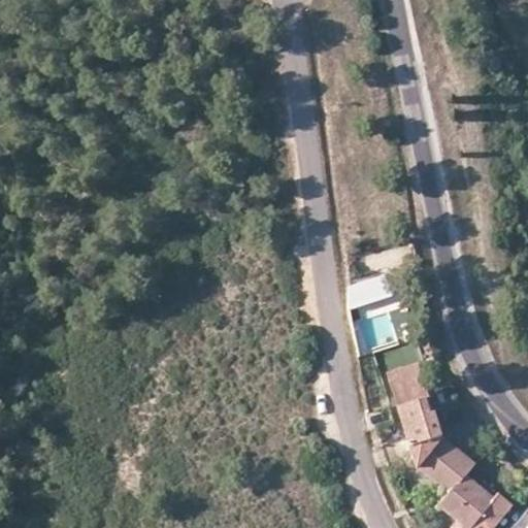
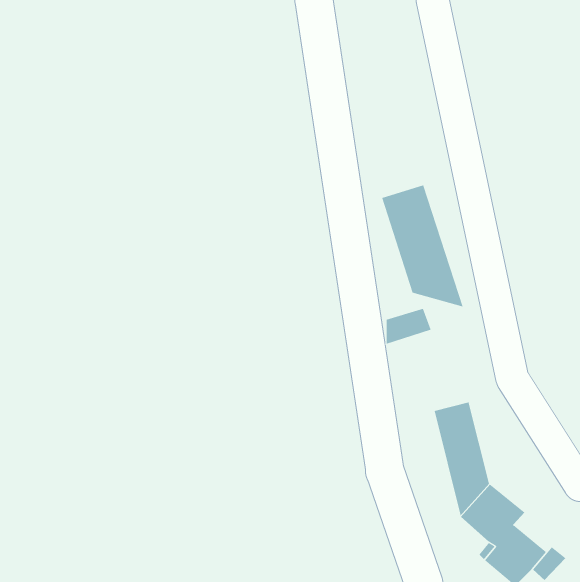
building: none -> [381,184,463,308]

